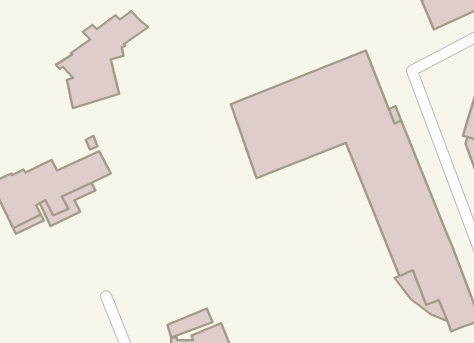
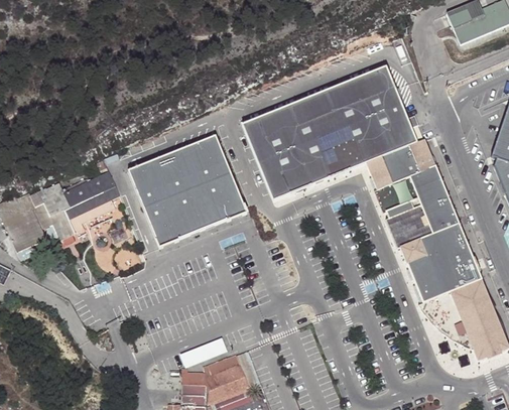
building: [56,11,148,108] -> none
building: none -> [128,135,247,247]

